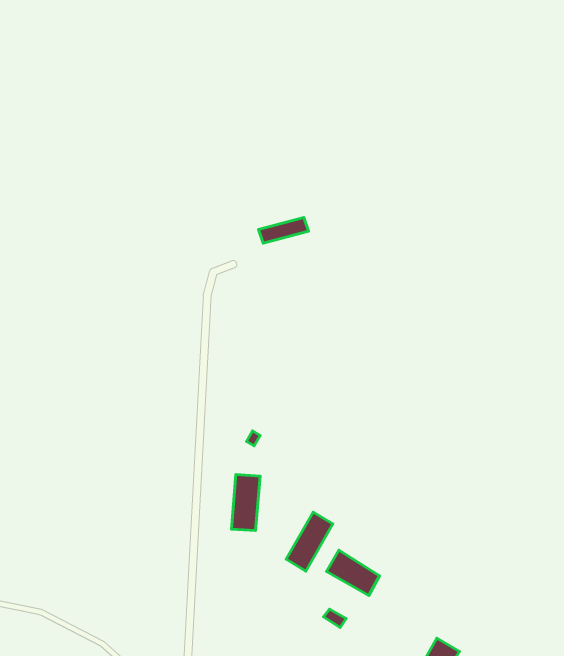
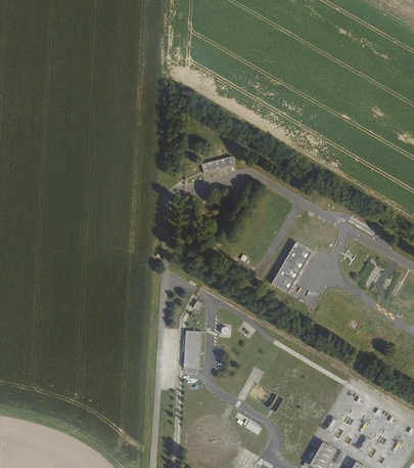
building: none -> [270,243,311,293]
building: [286,512,333,571] -> none

